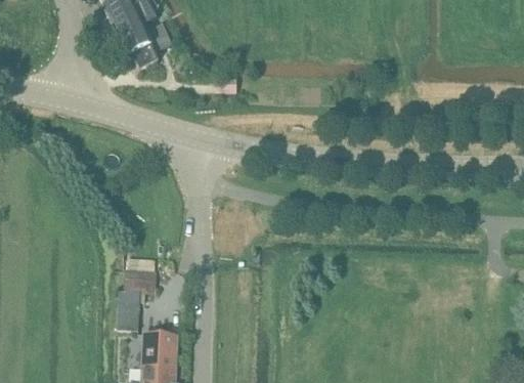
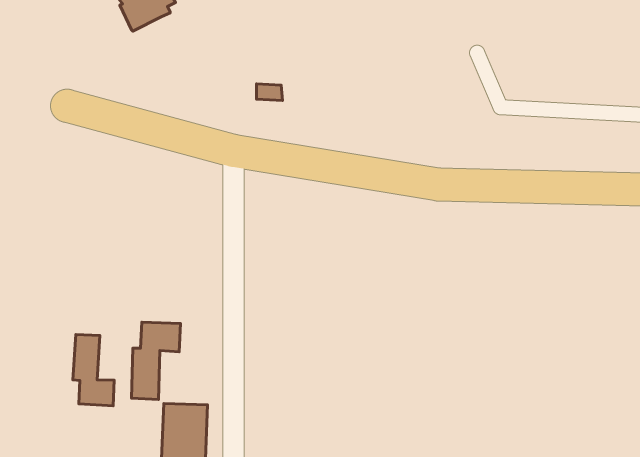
building: [119,22,172,68] -> none
building: none -> [73,335,114,406]

